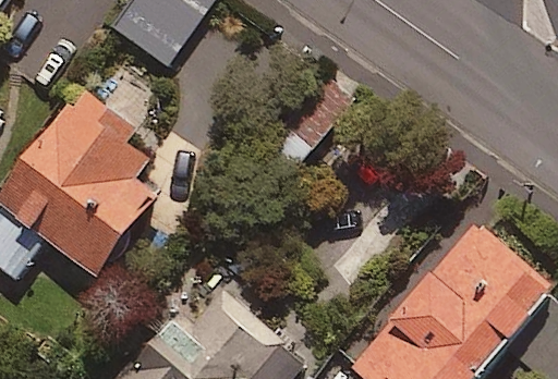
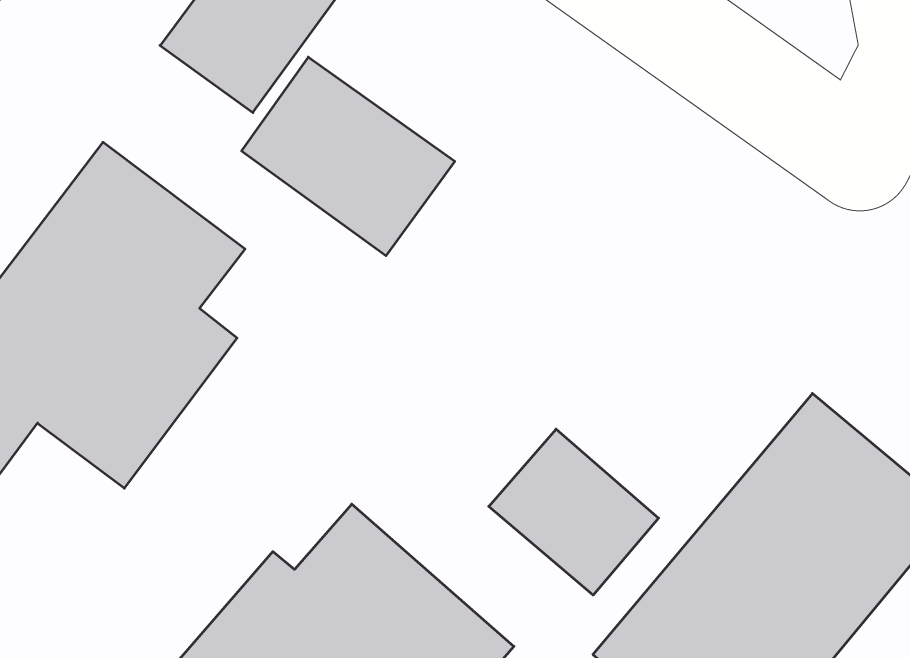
building: none -> [242,57,455,256]
building: none -> [489,429,659,595]

